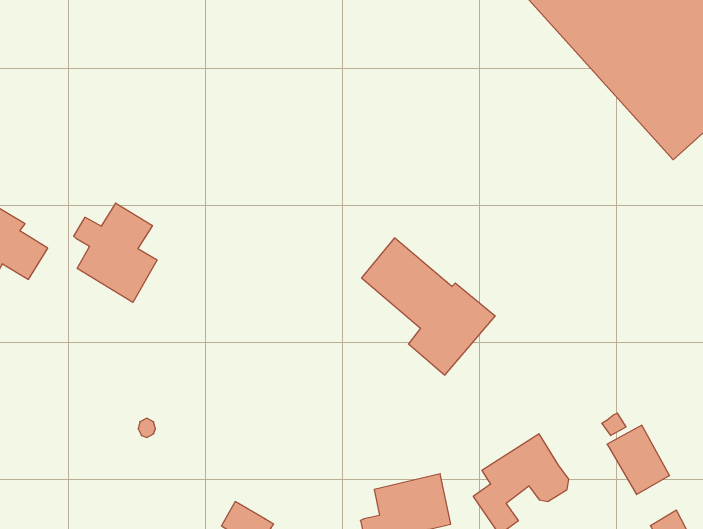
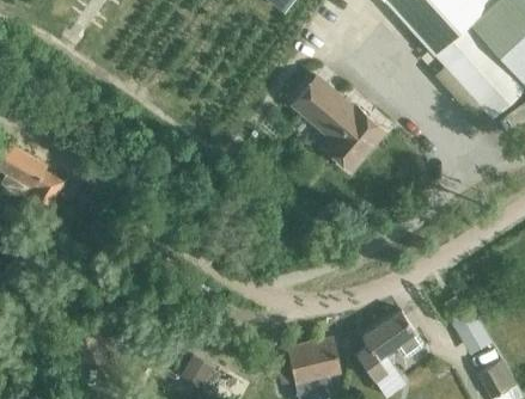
building: [74,203,157,302] -> none
building: [362,238,495,375] -> [292,75,384,170]

